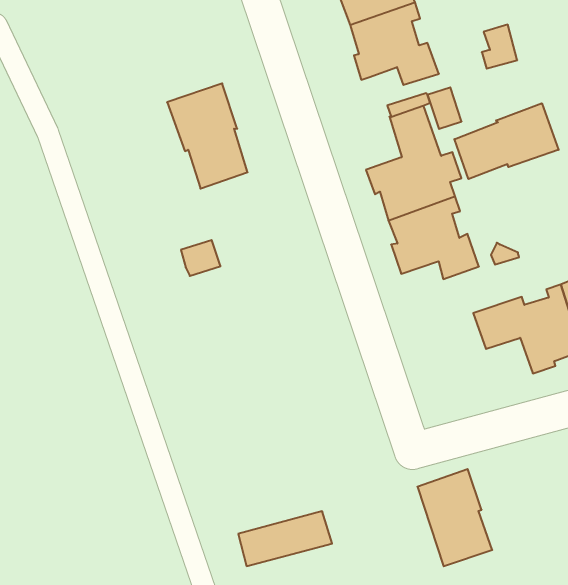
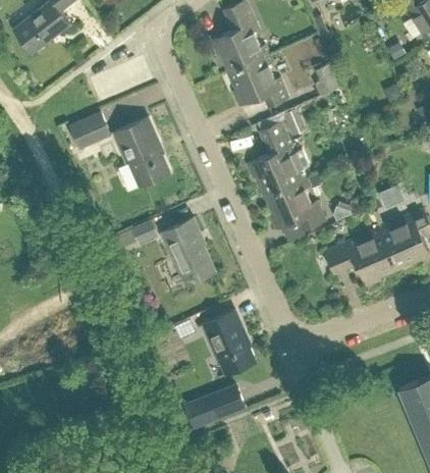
building: none -> [69,112,109,148]
building: [454,103,559,179] -> none
building: none -> [162,218,215,285]
building: [417,469,492,566] -> [204,311,256,375]

